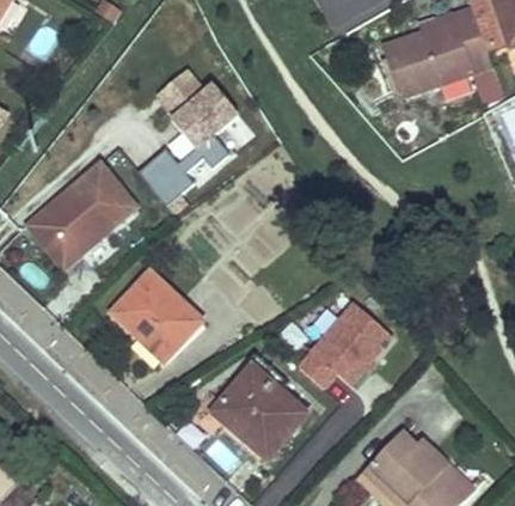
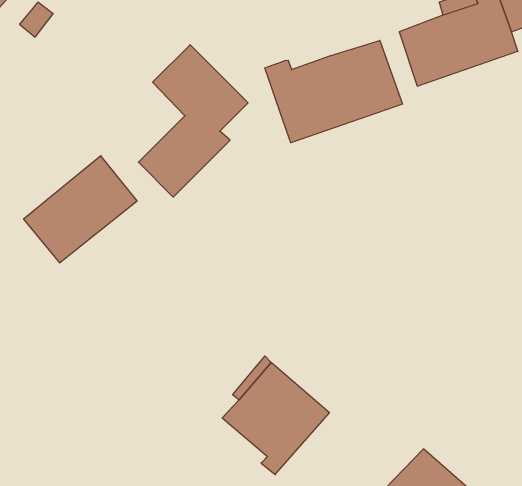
building: none -> [265,40,403,143]
building: [114,272,202,359] -> none
building: [299,301,391,400] -> none

